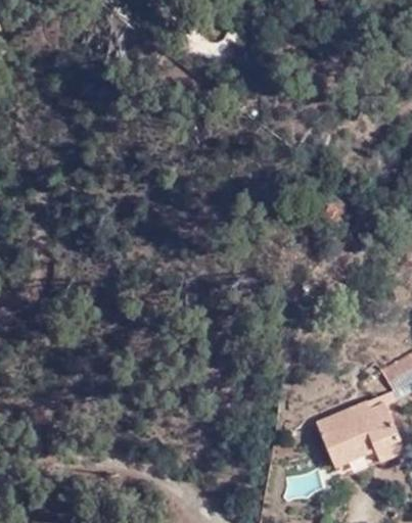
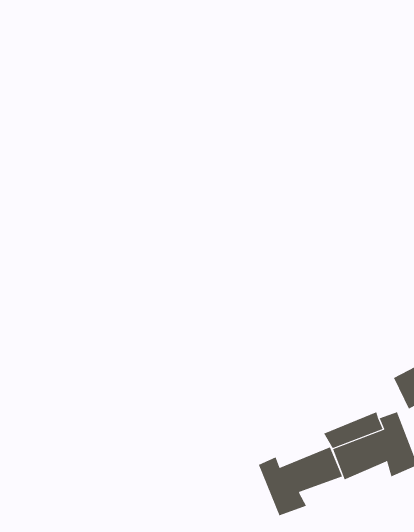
building: none -> [258,447,343,516]

